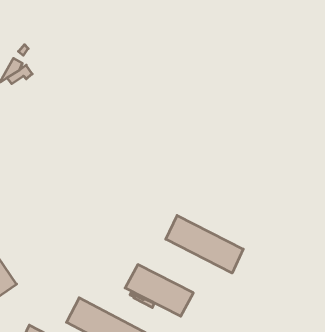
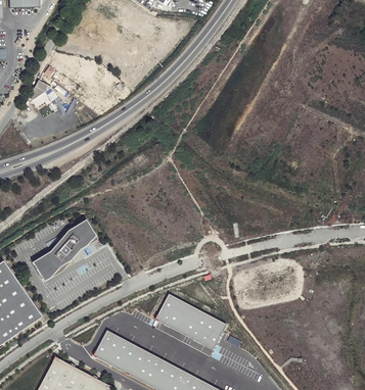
building: none -> [32,218,96,278]
building: [166,215,243,273] -> none

